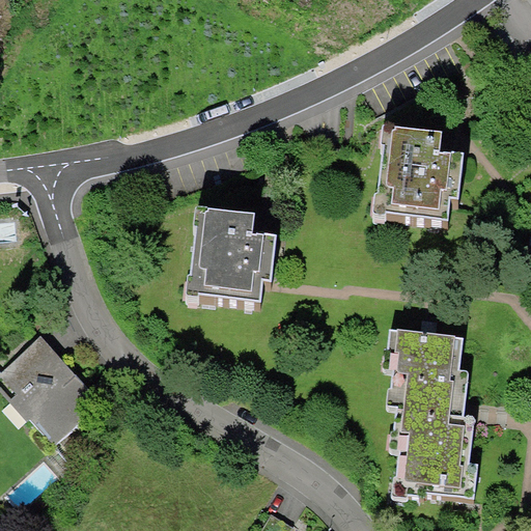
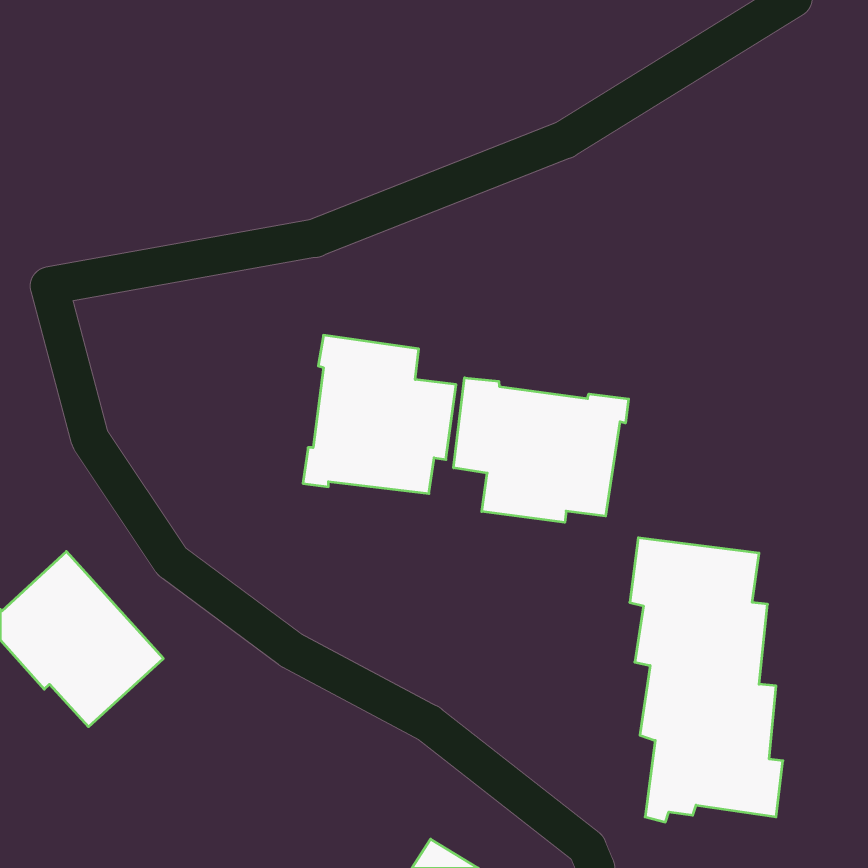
building: [373,122,466,219] -> none
building: none -> [454,378,629,522]

